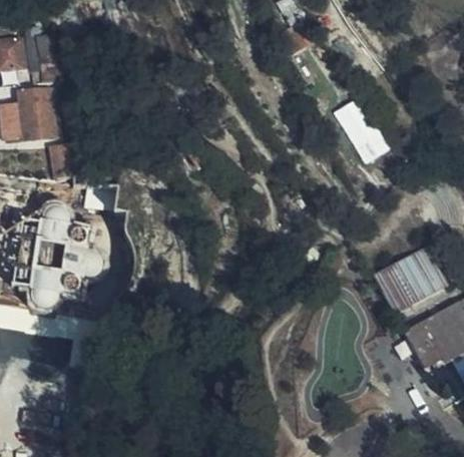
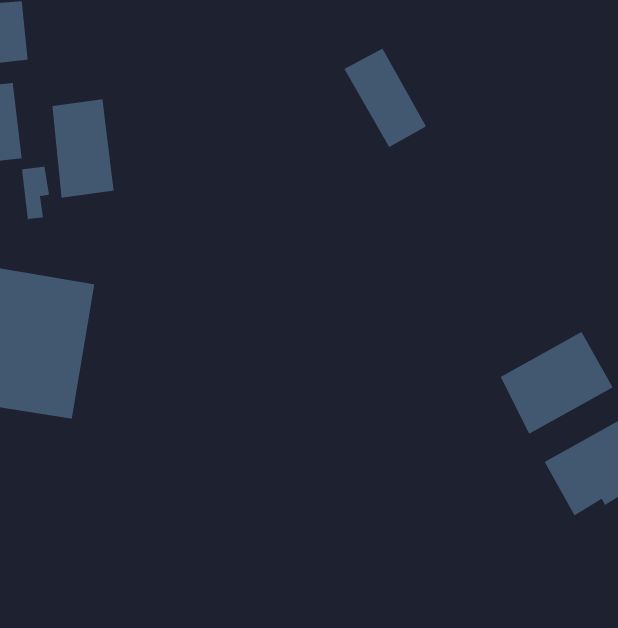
building: none -> [52,99,114,199]
building: [336,96,391,162] -> [343,48,427,148]

